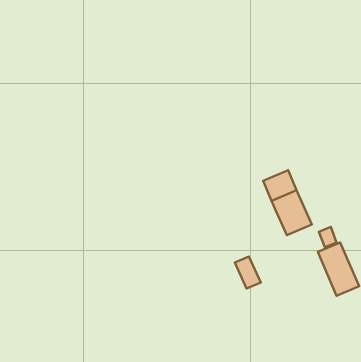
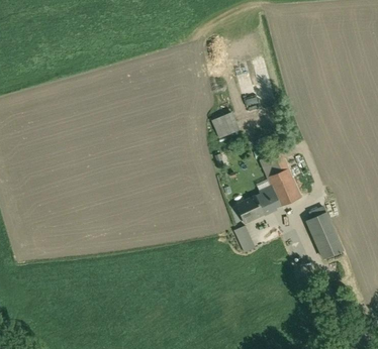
building: none -> [214,113,243,138]
building: none -> [235,188,279,224]

